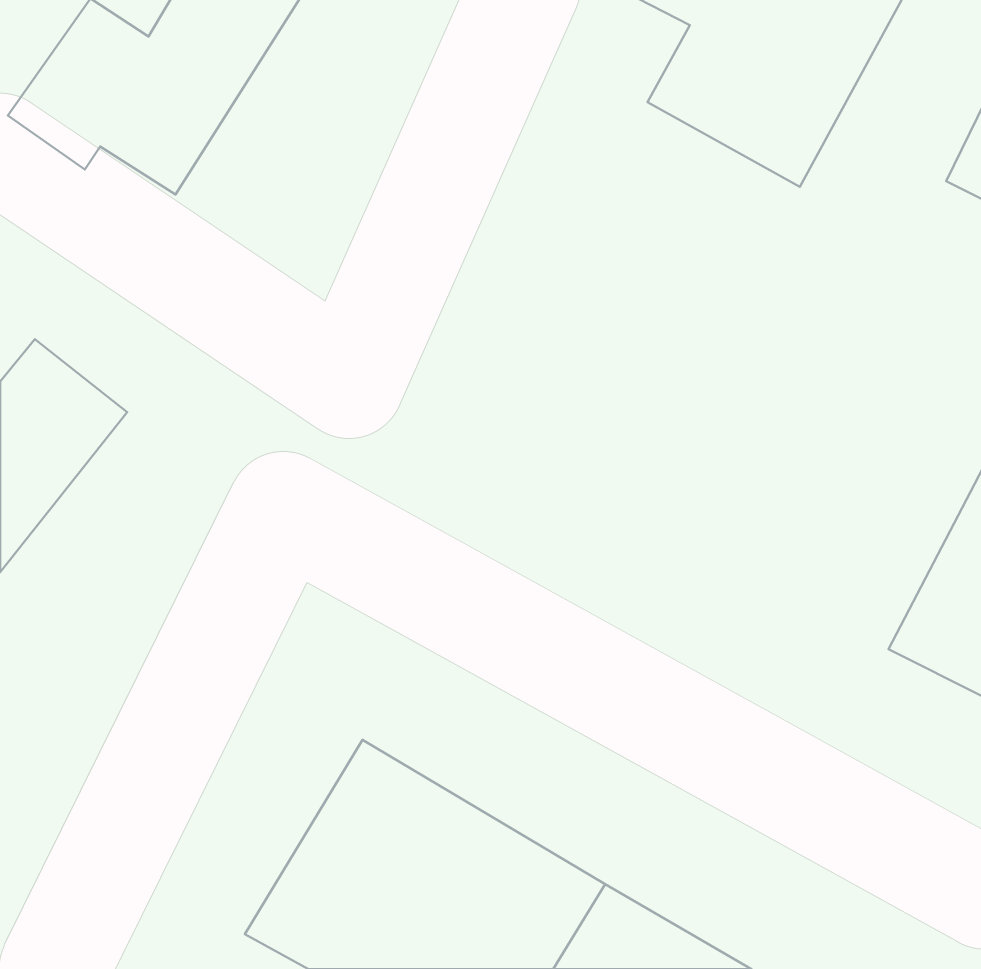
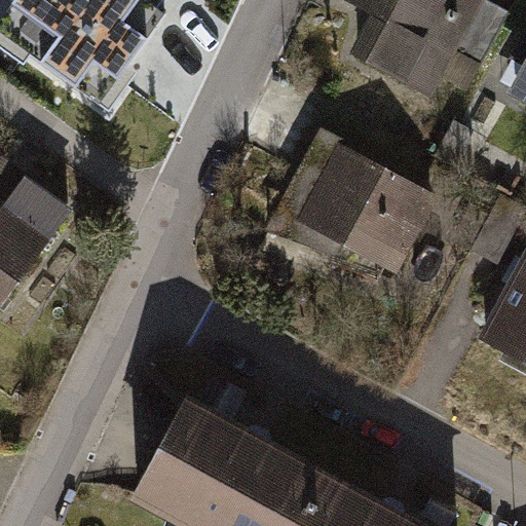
building: none -> [291,144,437,281]

